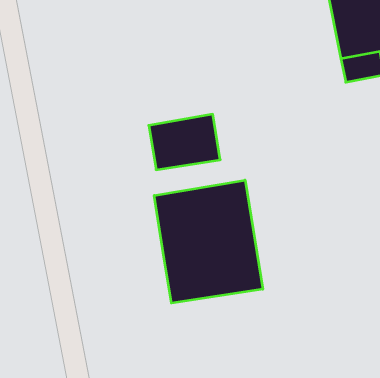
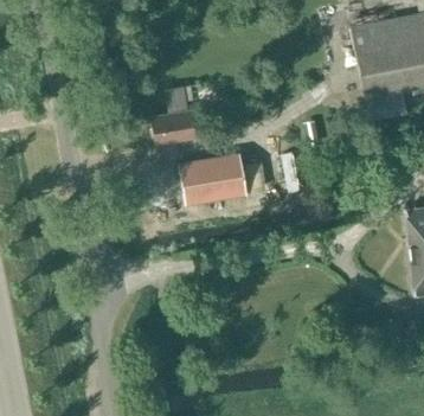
building: none -> [152,88,195,143]
building: [154,180,263,303] -> none

